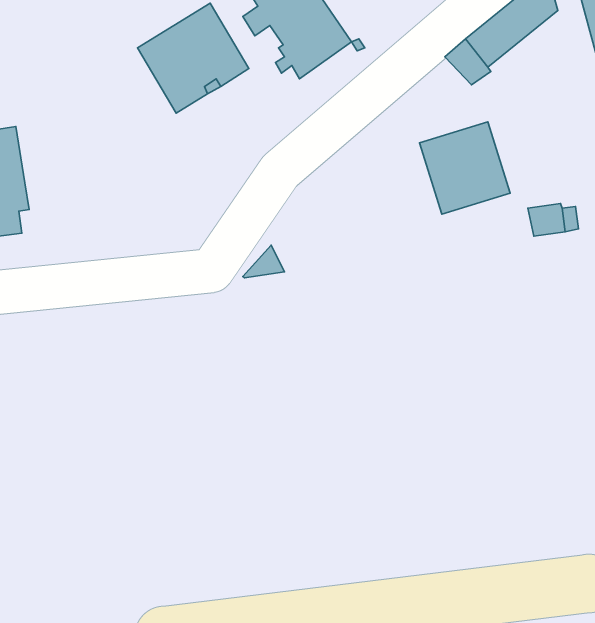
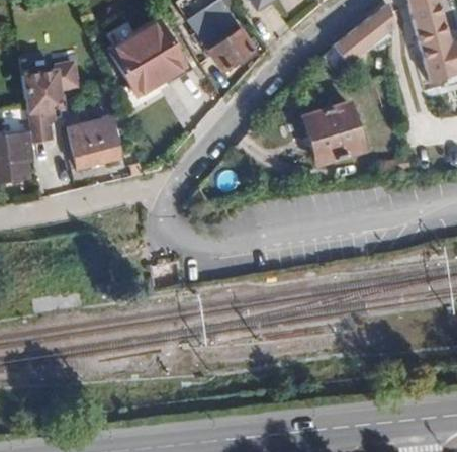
building: none -> [23,63,79,143]
building: none -> [68,117,121,167]

